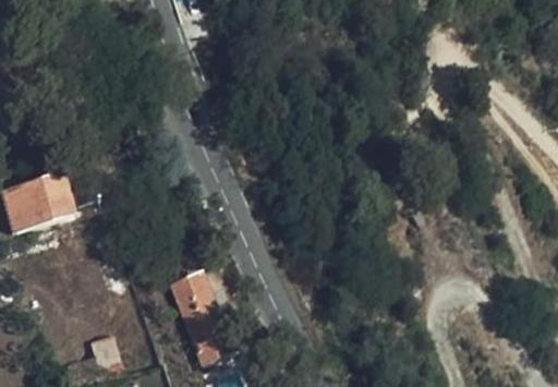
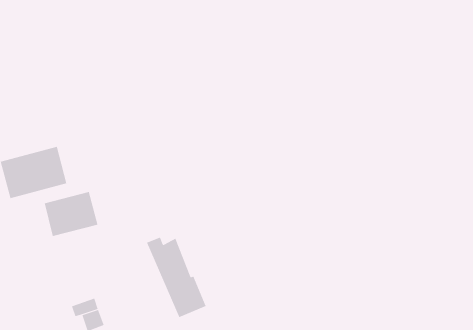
building: none -> [44,191,98,237]

